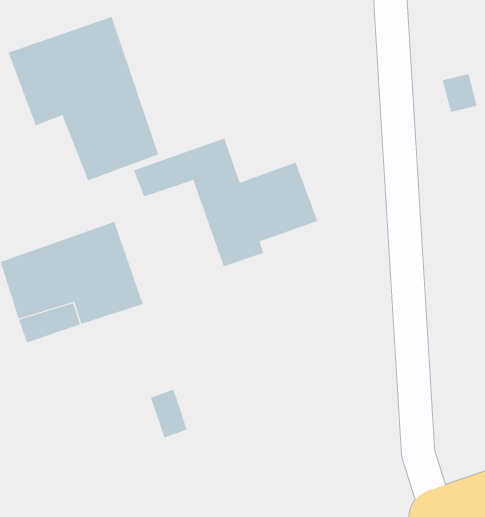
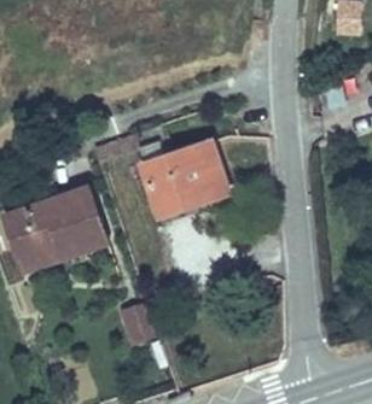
building: [8,16,159,181] -> none

